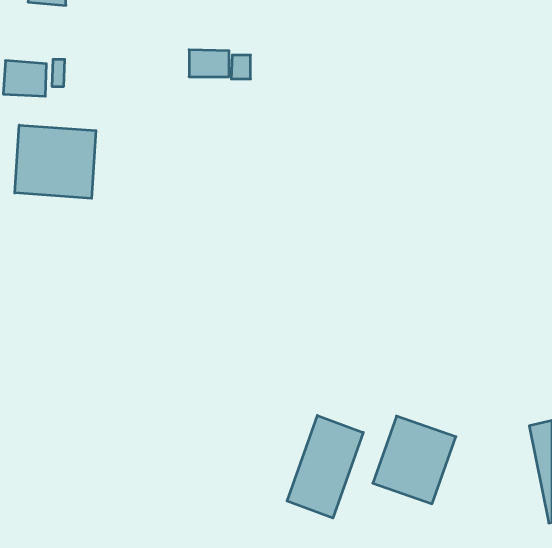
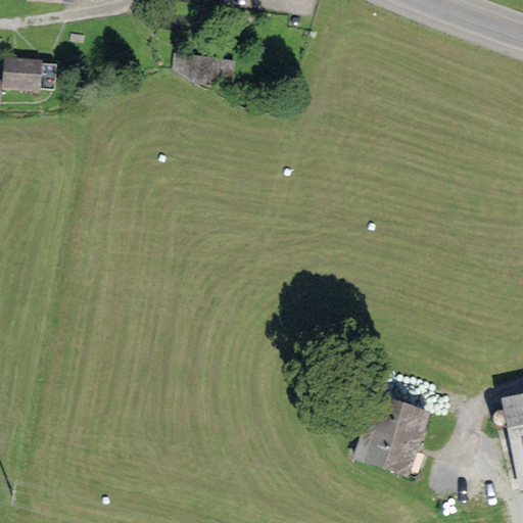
building: [15,125,96,198] -> none
building: [287,415,363,518] -> none

